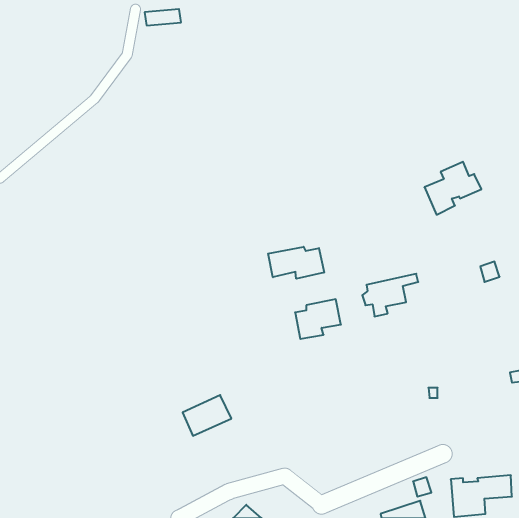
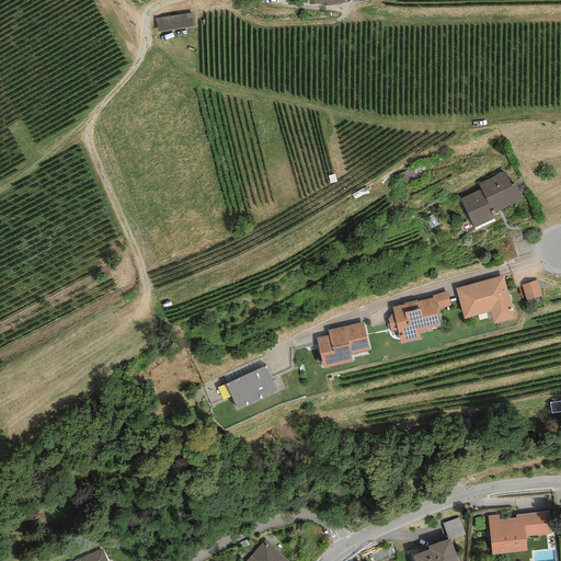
building: [268,247,324,279] -> none
building: none -> [458,275,515,322]
building: [183,395,231,436] -> [226,365,278,409]

